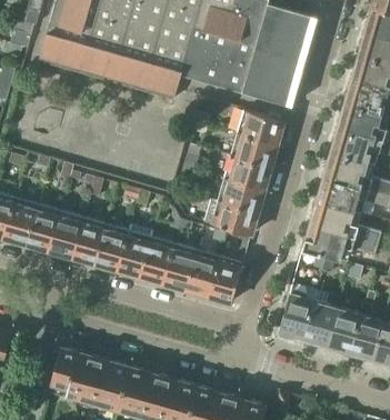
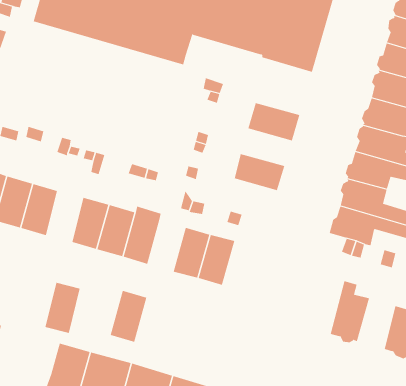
building: [238,110,284,143] -> none
building: [224,156,271,189] -> none
building: [203,198,258,234] -> none
building: [52,211,84,257] -> [44,282,81,333]
building: [142,237,176,283] -> [110,290,147,343]
building: [209,256,243,302] -> none
building: [279,283,317,339] -> none
building: [329,307,362,352] -> none

